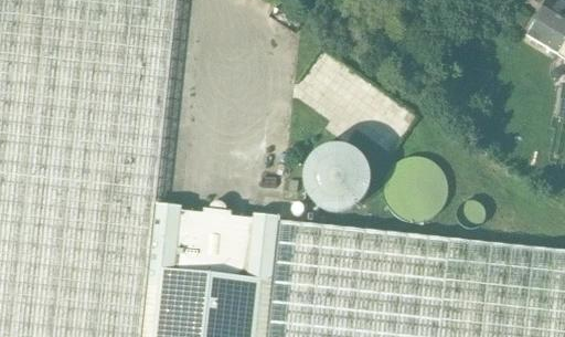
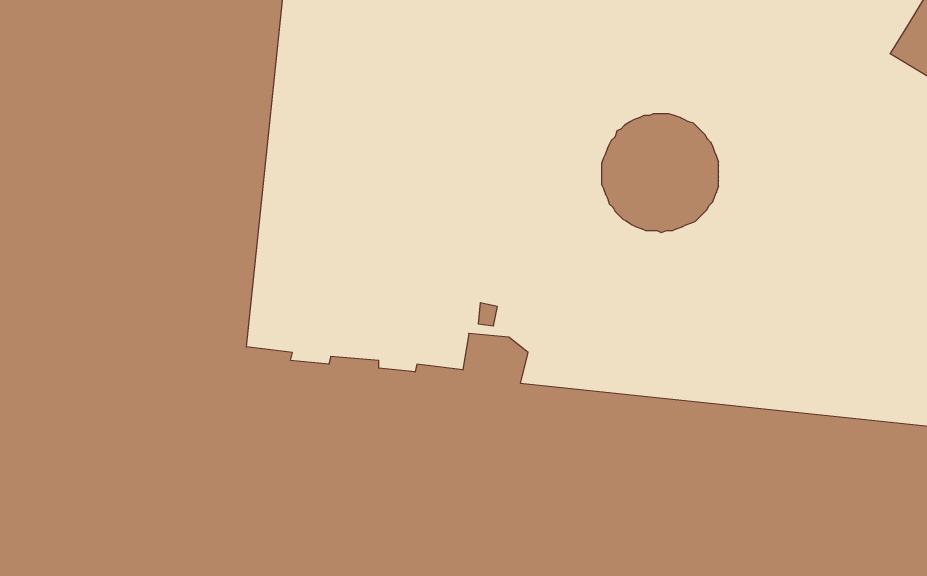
building: [302,145,370,213] -> [602,114,719,233]

